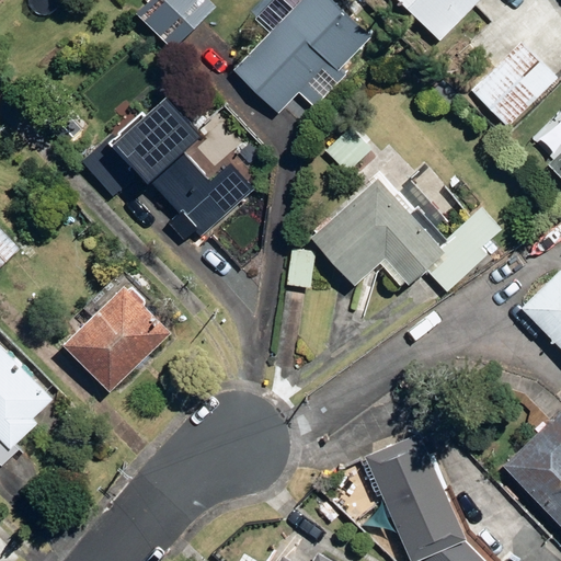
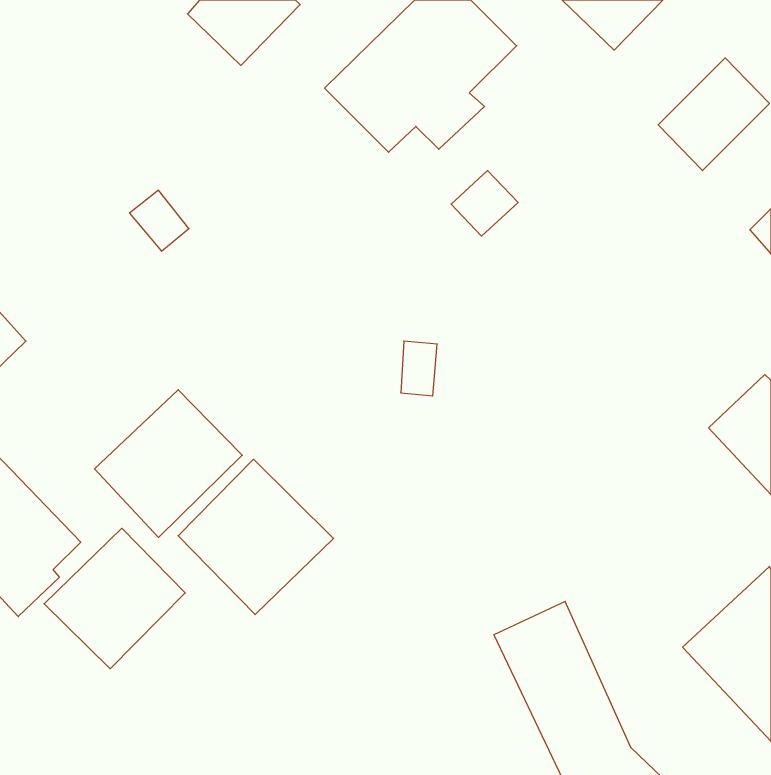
building: [127,85,256,238] -> none
building: [318,173,505,289] -> none
building: none -> [178,459,334,615]
building: none -> [44,528,185,669]

